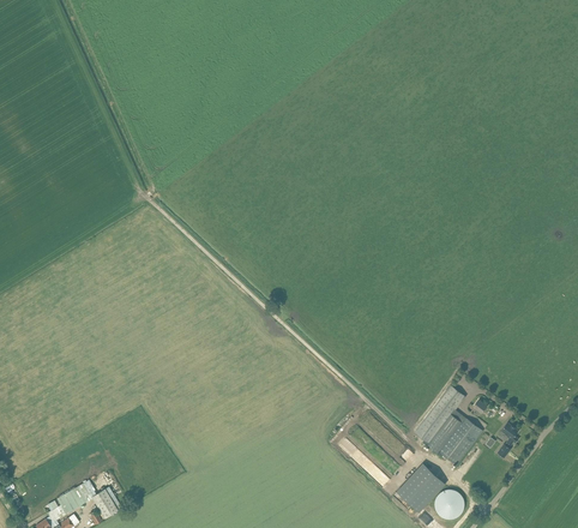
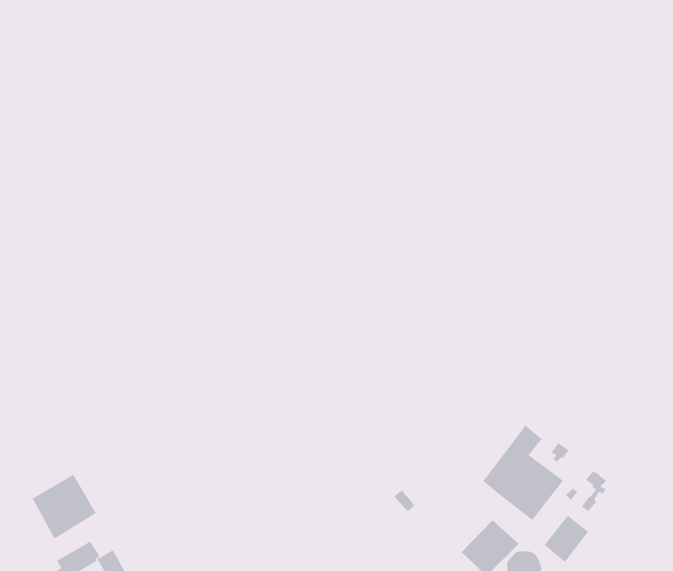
building: none -> [32,474,96,539]
building: none -> [544,515,589,563]

